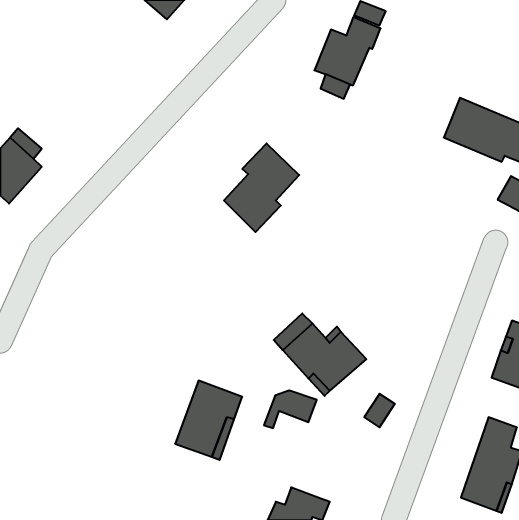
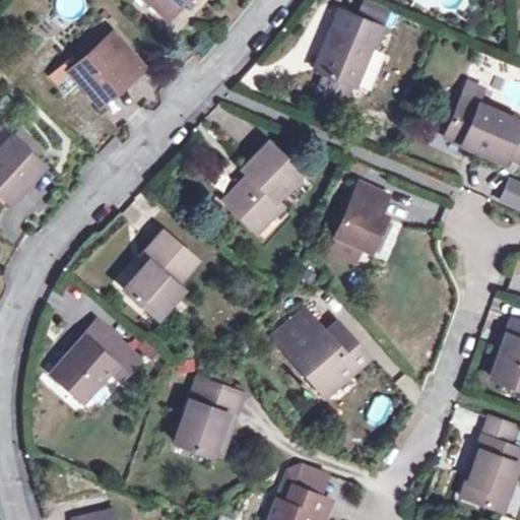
building: none -> [53,36,140,101]
building: none -> [335,184,387,251]
building: none -> [124,233,196,317]
building: none -> [51,325,125,403]
building: [264,391,317,428] -> [276,466,329,504]

